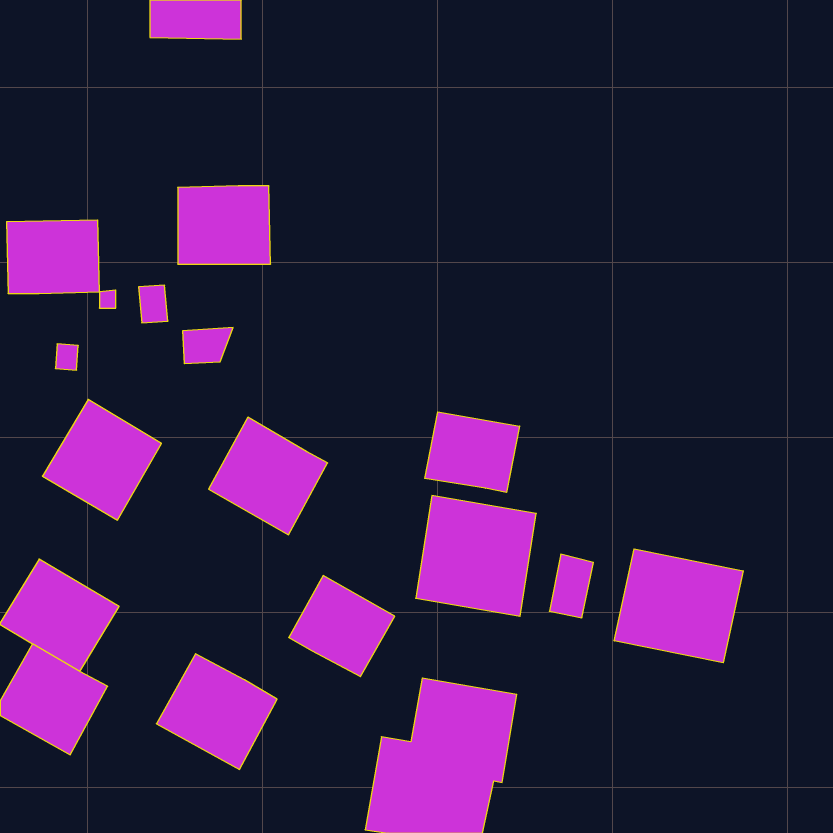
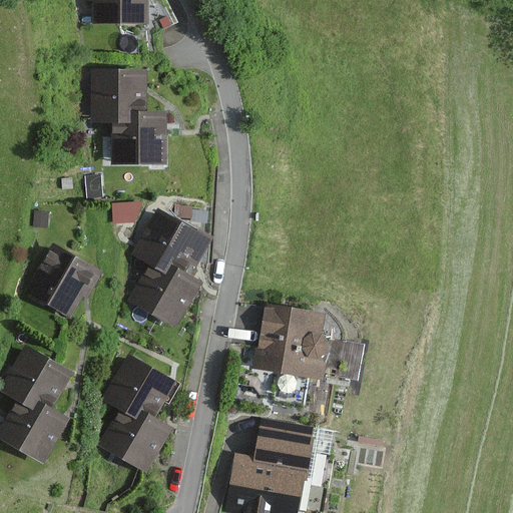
building: [7,220,99,293] -> [89,70,146,115]
building: none -> [136,208,211,278]
building: [425,412,520,492] -> none
building: [614,549,743,663] -> none
building: [289,576,395,677] -> [106,356,171,418]

